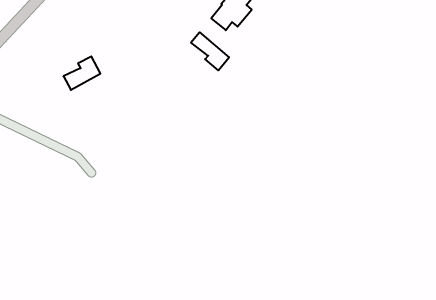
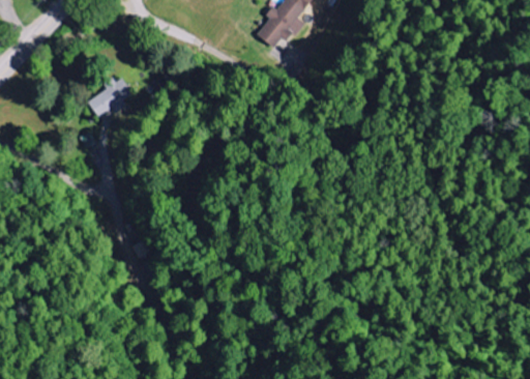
building: [191,32,229,70] -> none

